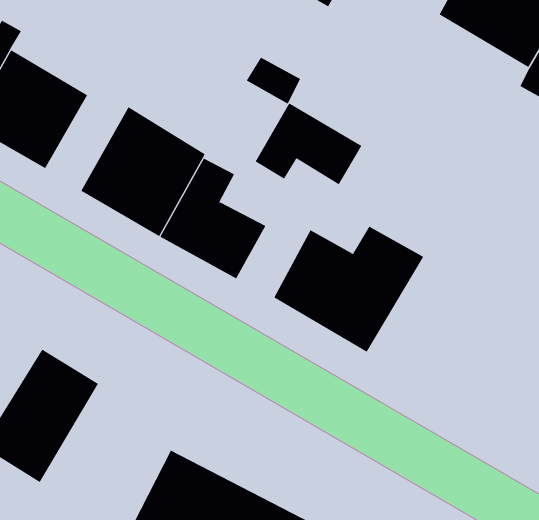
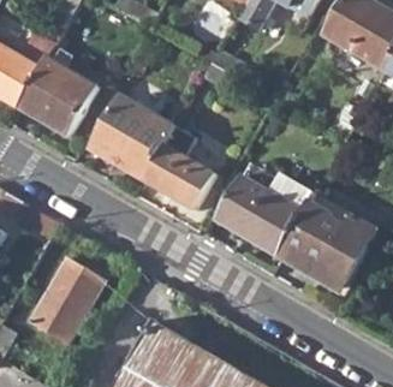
building: [255,102,362,185] -> none
building: none -> [278,194,376,292]

